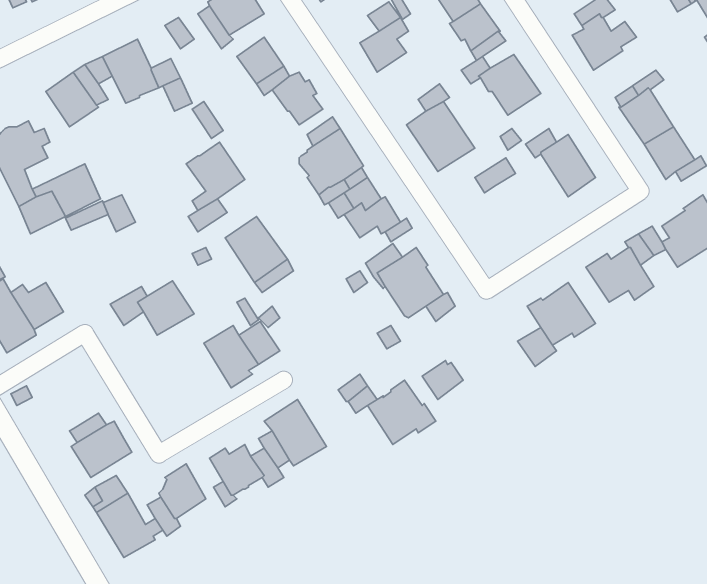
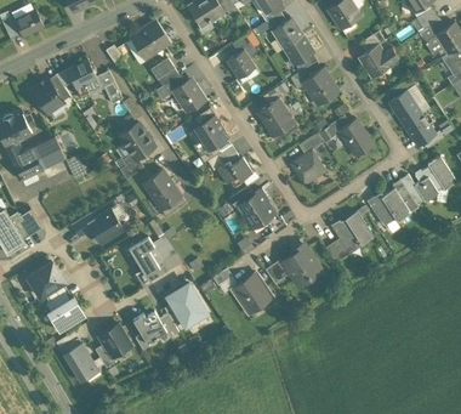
building: none -> [290,149,324,185]
building: none -> [283,244,319,280]
building: none -> [27,261,62,296]

